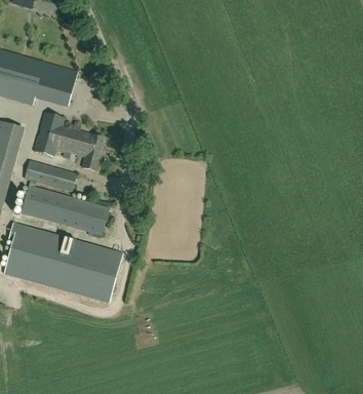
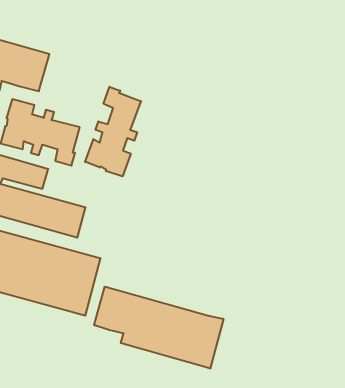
building: none -> [85,87,141,176]
building: none -> [94,287,223,369]

